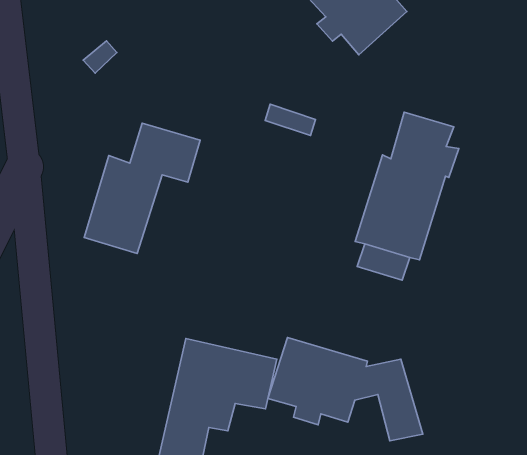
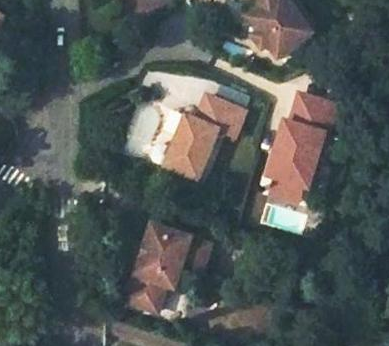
building: [84,123,200,254] -> [163,94,242,177]
building: [268,337,423,441] -> none

